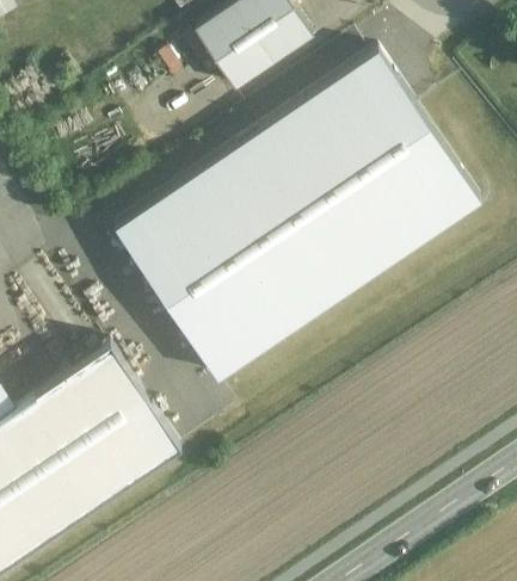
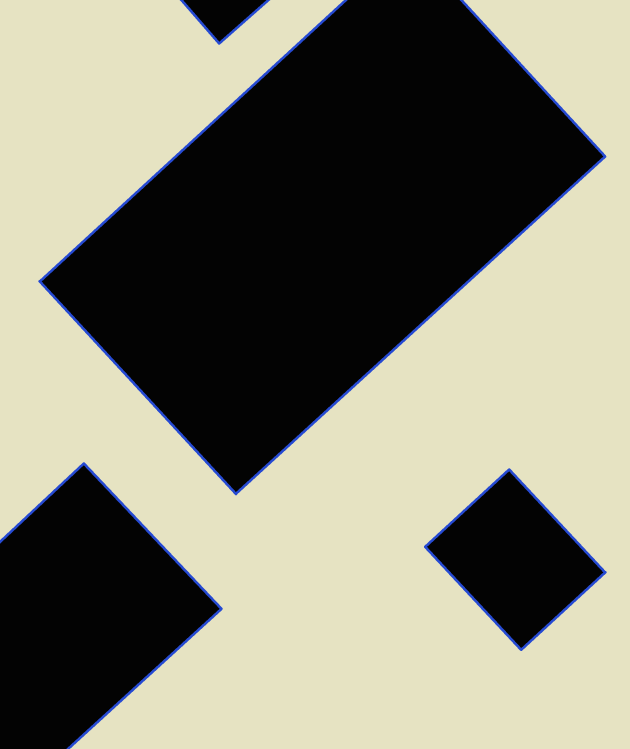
building: none -> [425,470,605,650]

